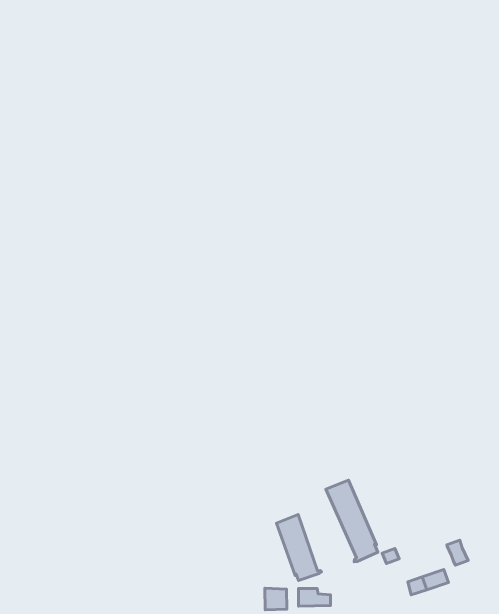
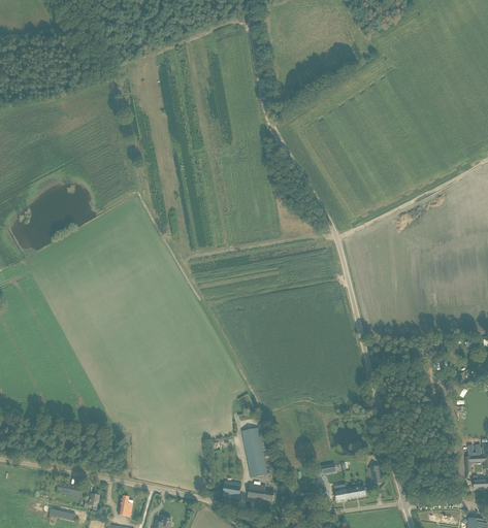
building: [326,480,378,562] -> none

